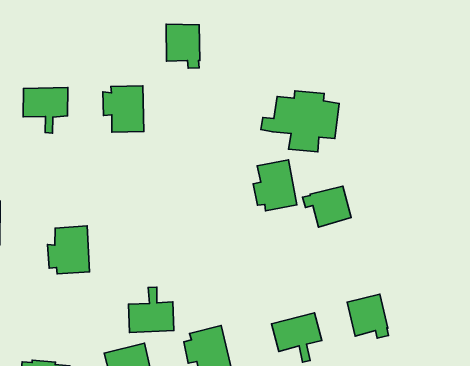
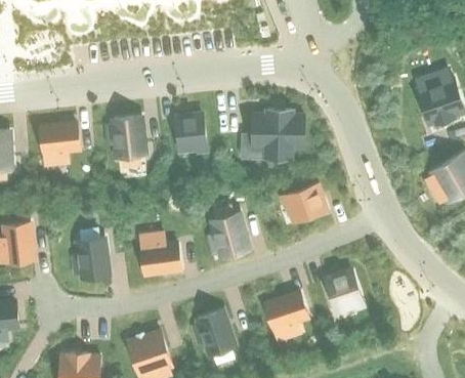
building: [166,24,200,68] -> [176,117,207,154]
building: [253,160,297,211] -> [210,214,248,258]
building: [128,287,174,333] -> [141,233,181,272]

